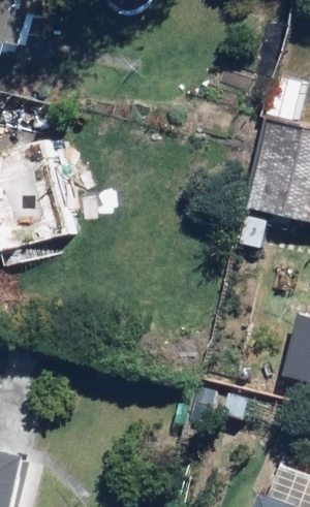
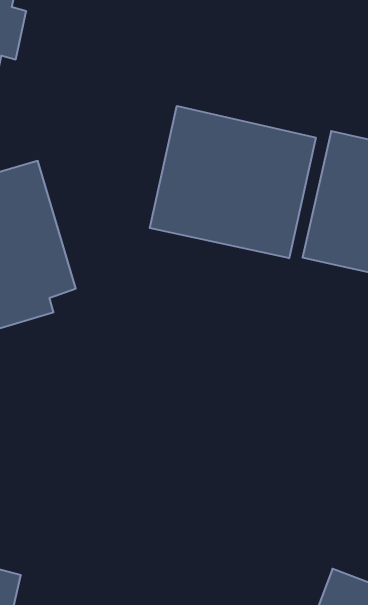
building: none -> [150,106,316,258]

